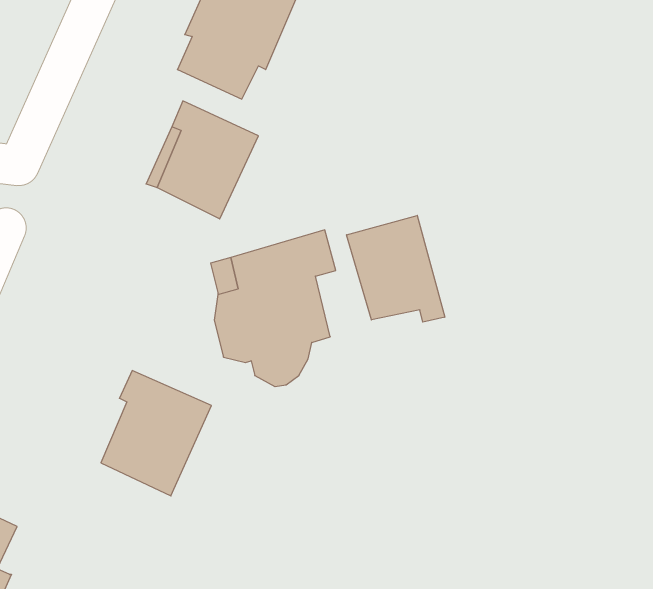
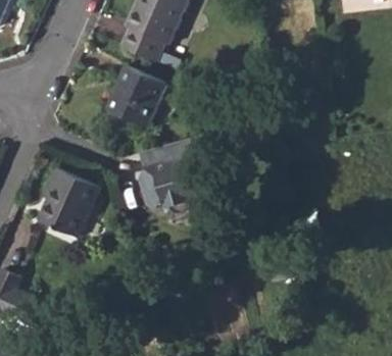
building: [347,215,445,322] -> none
building: [101,371,211,496] -> [38,167,99,237]

